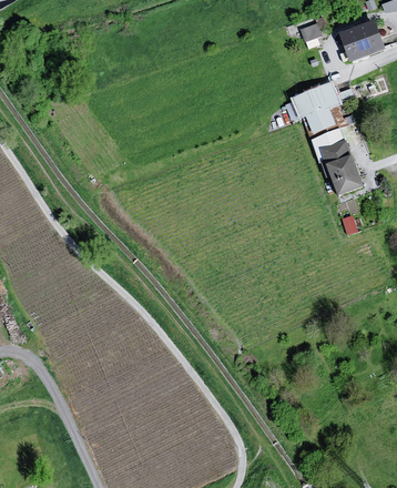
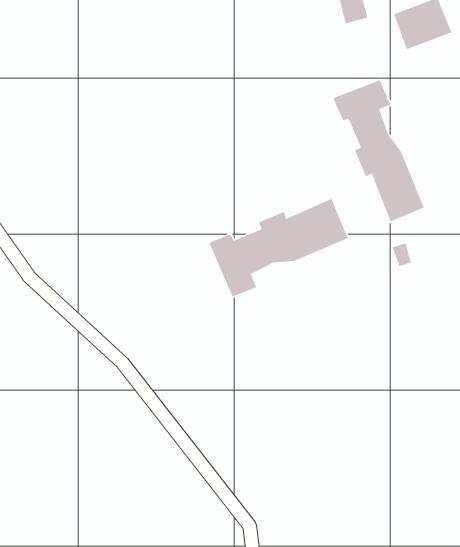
building: none -> [208,198,349,297]

